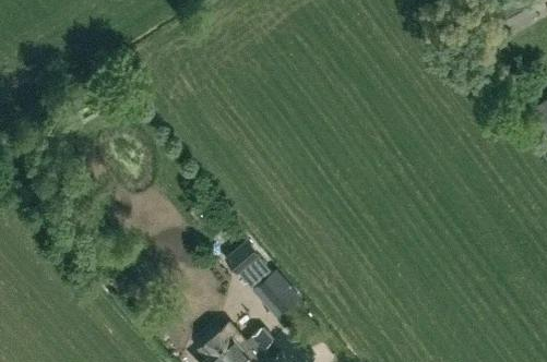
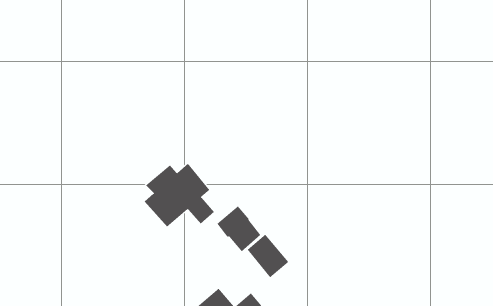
building: none -> [144,163,215,228]

